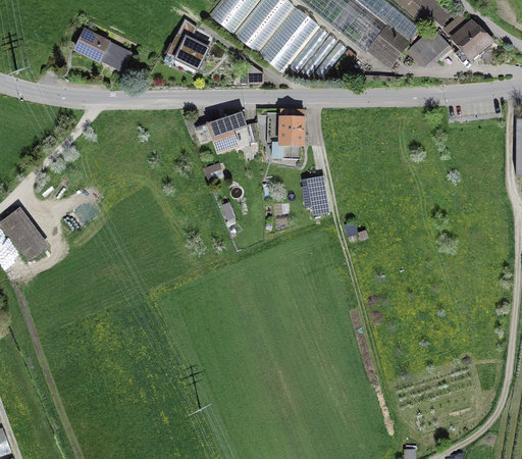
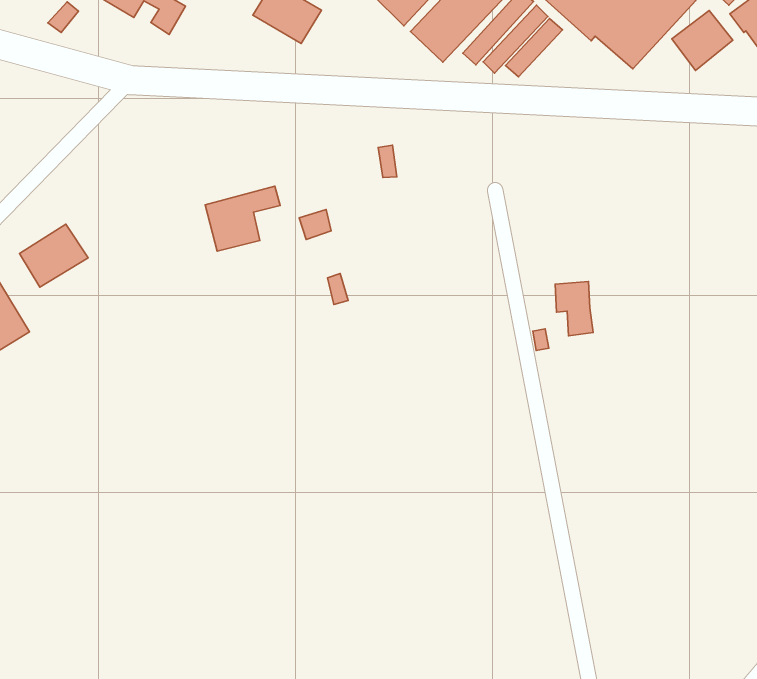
building: [201,110,245,151] -> [205,186,280,251]
building: [271,110,300,153] -> none
building: [303,182,327,214] -> [555,282,593,336]
building: none -> [19,224,88,287]

